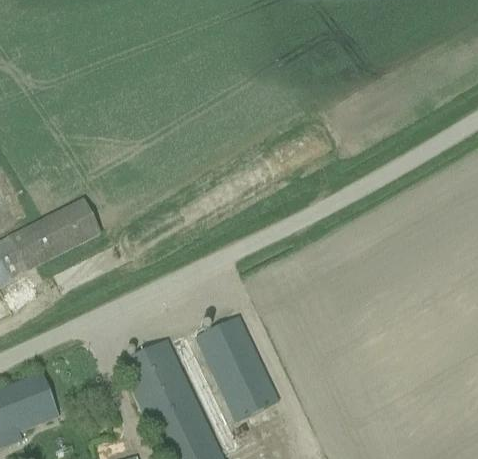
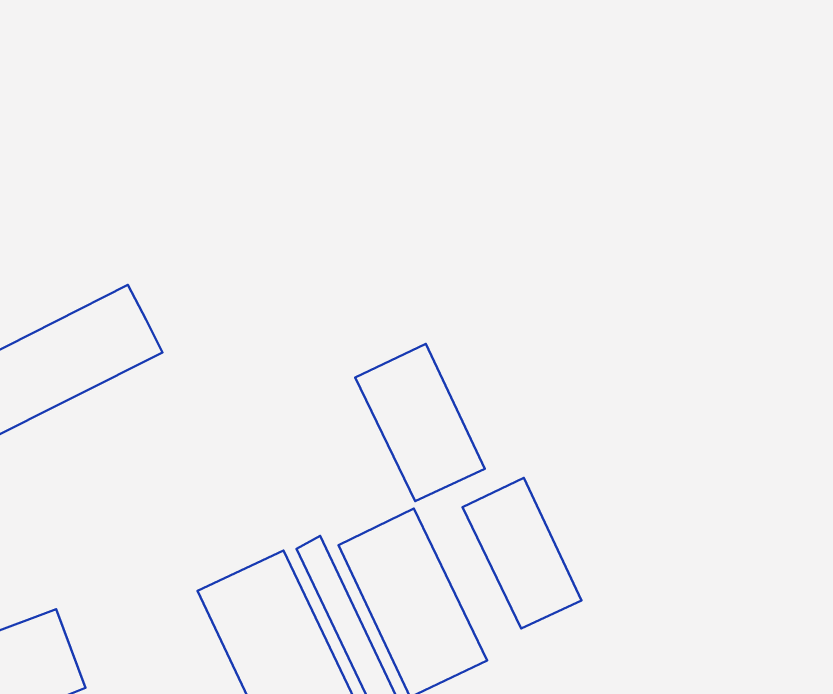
building: none -> [355,344,485,501]
building: none -> [462,478,581,629]

